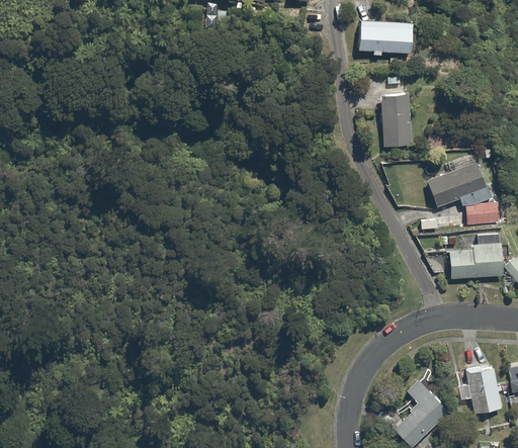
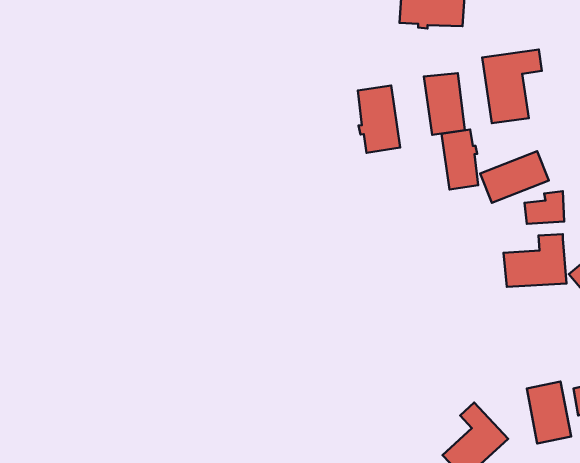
building: none -> [482,50,542,123]
building: none -> [358,86,400,153]
building: none -> [442,130,478,189]

